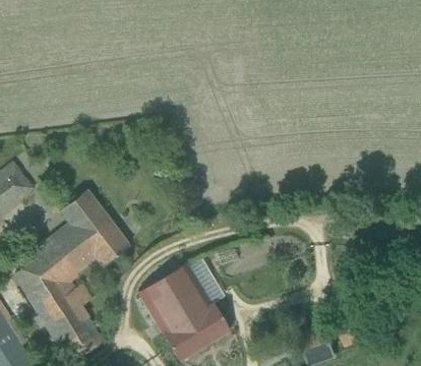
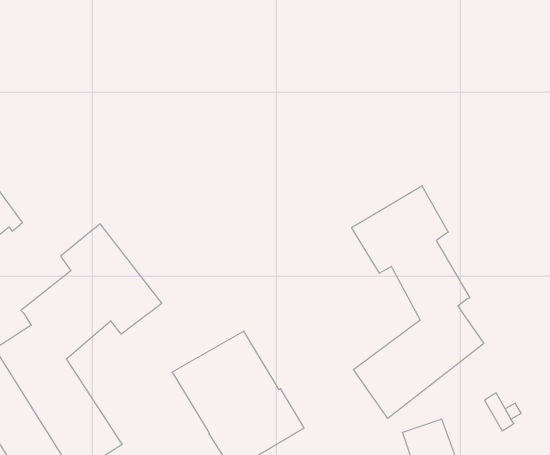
building: none -> [352,186,484,419]

